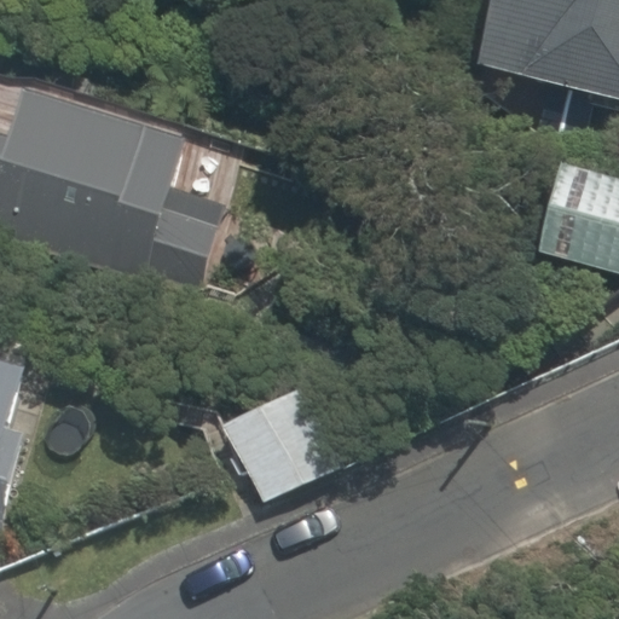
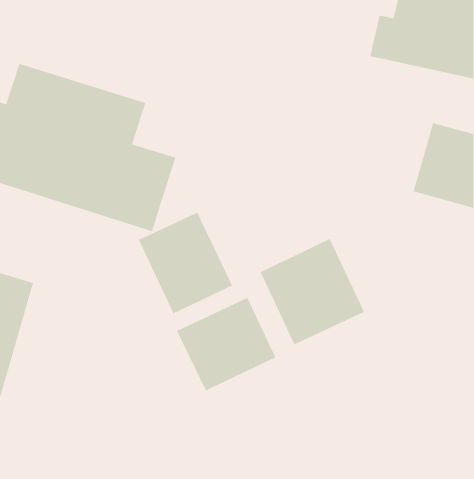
building: none -> [138,212,233,314]
building: none -> [260,238,365,345]

